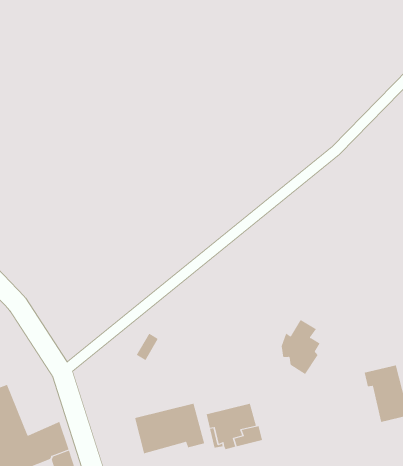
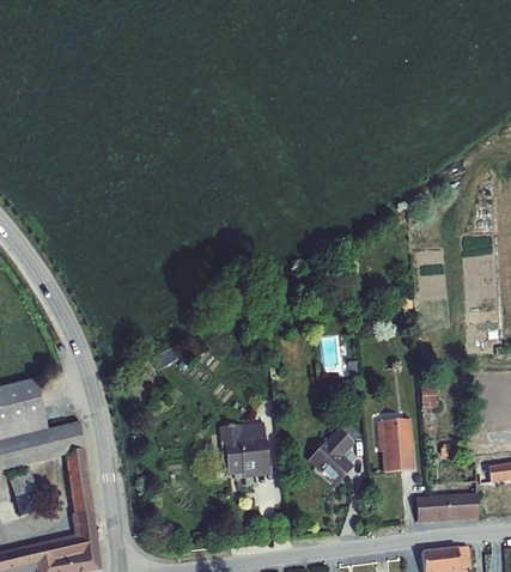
building: [281,319,320,375] -> [316,427,354,481]
building: [134,403,205,454] -> none

